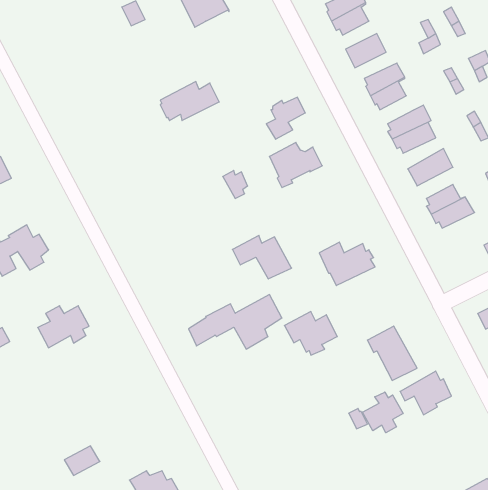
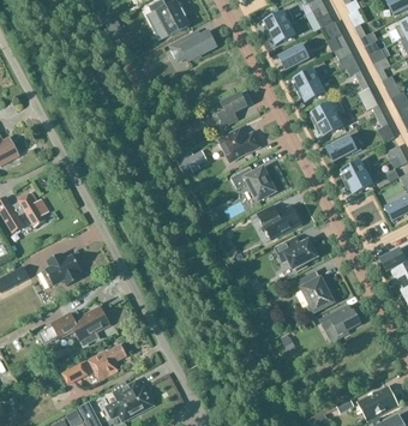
building: [160,82,219,121] -> [169,30,215,60]
building: [232,235,292,279] -> [229,166,275,199]
building: [189,295,282,349] -> [37,305,109,347]
building: [284,312,337,355] -> [275,236,316,270]
building: [362,392,403,433] -> none
building: none -> [86,343,126,379]

